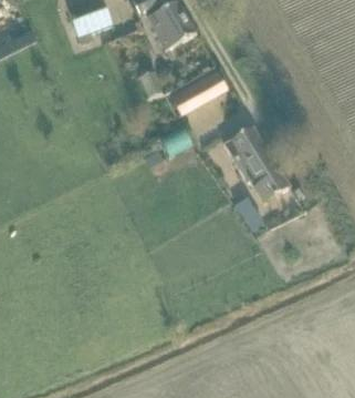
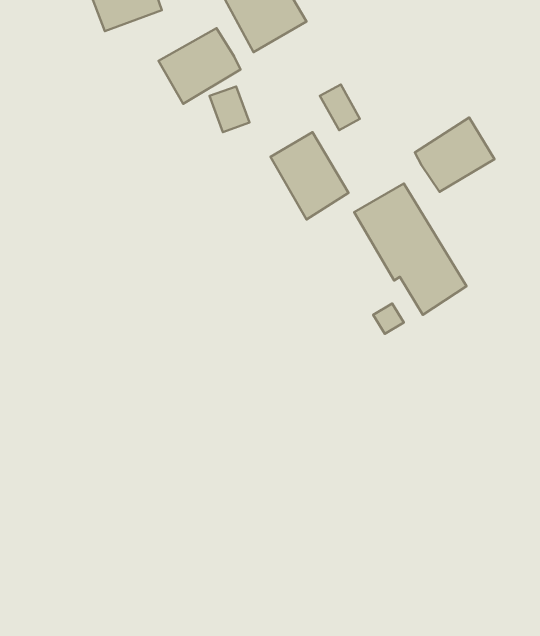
building: none -> [159,28,241,104]
building: none -> [415,117,495,192]

